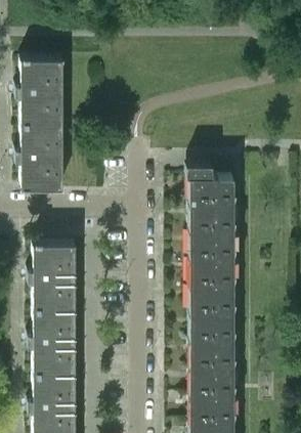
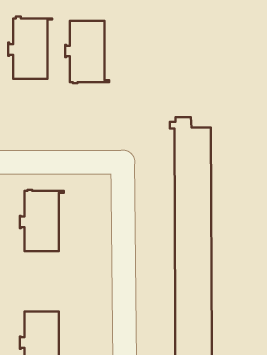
building: [15,125,62,191] -> [65,21,109,83]
building: [28,309,70,374] -> none

